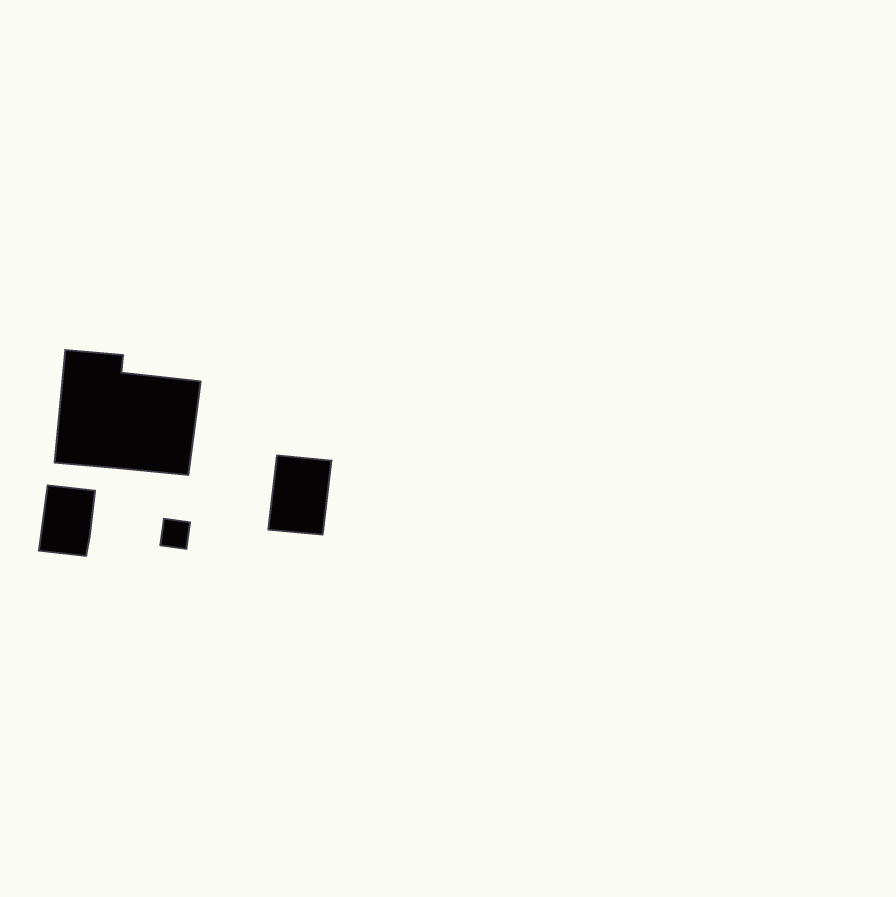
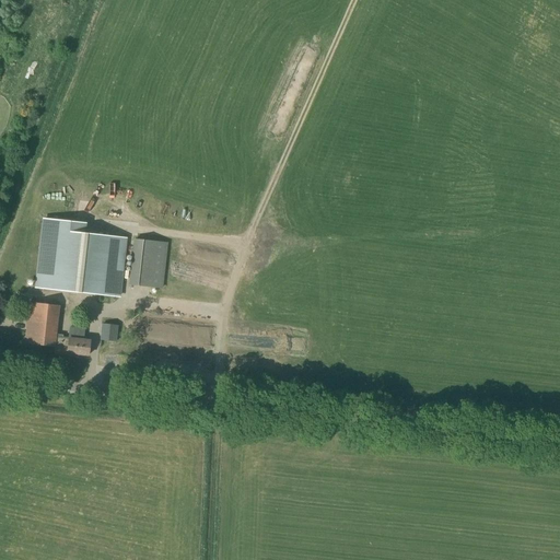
building: [268,456,332,535] -> [130,238,170,288]
building: none -> [56,334,92,354]

